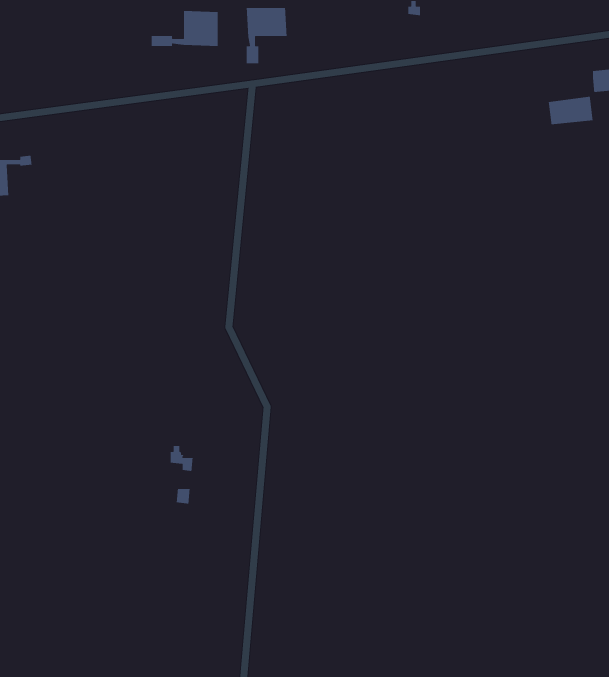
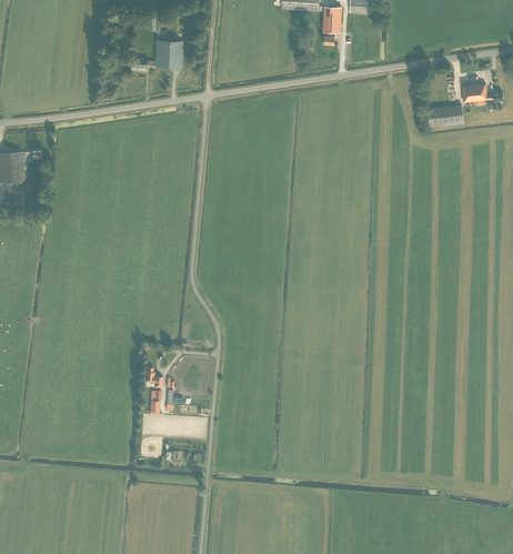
building: [246,7,287,64] -> none

